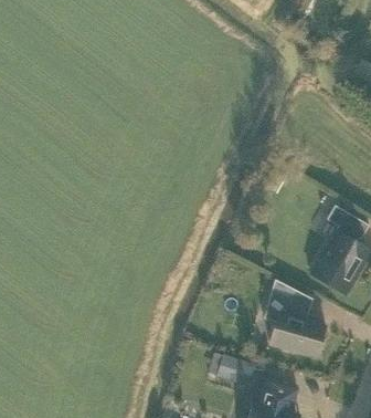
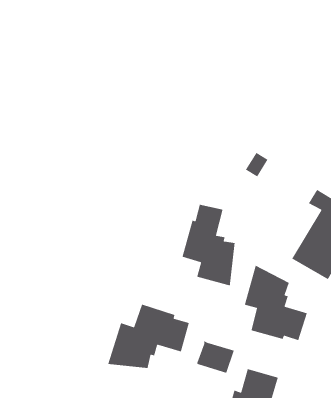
building: none -> [181,204,236,287]
building: none -> [107,303,190,369]

